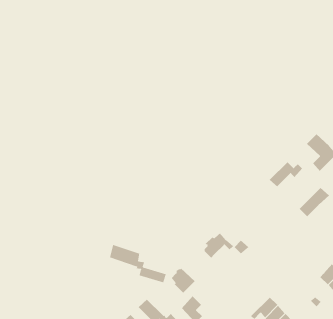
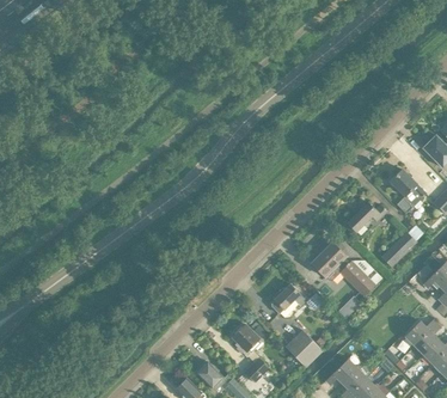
building: none -> [311,243,375,296]
building: [110,244,166,283] -> none
building: none -> [286,330,322,367]

